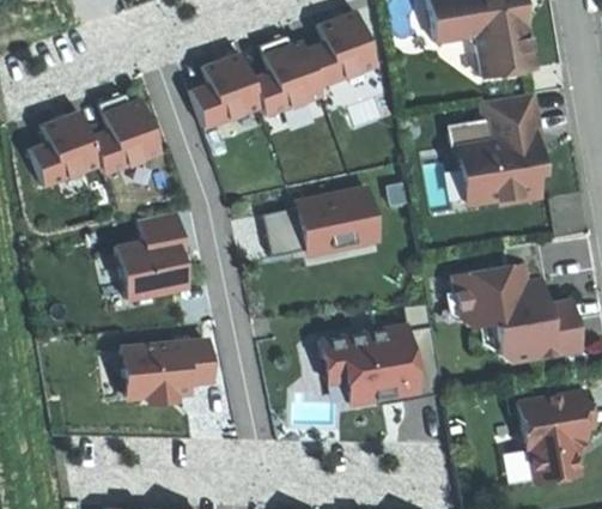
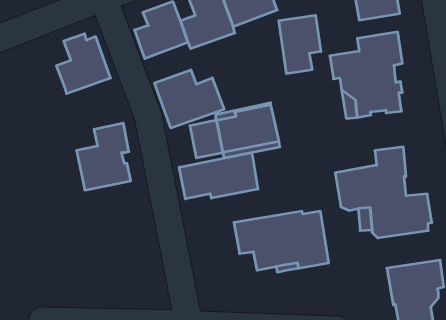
building: none -> [279,15,321,74]
building: [29,111,101,184] -> none
building: none -> [155,70,224,128]
building: none -> [179,152,258,199]
building: [122,340,212,402] -> none

